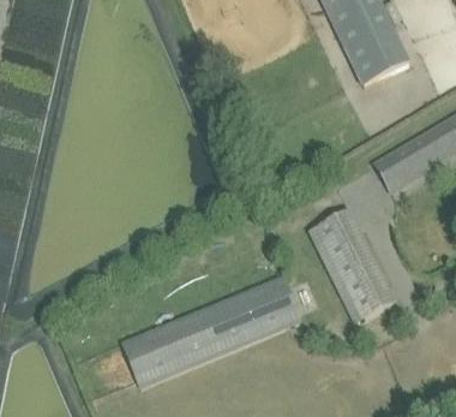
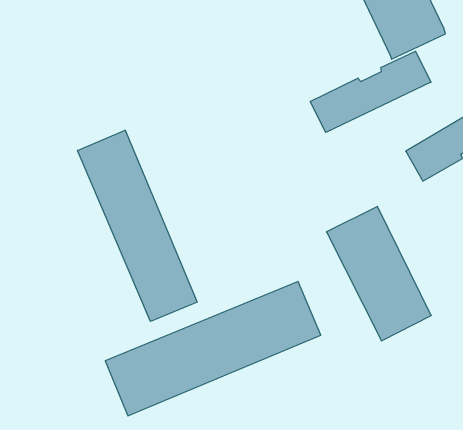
building: none -> [310,51,431,132]
building: none -> [78,130,197,321]

